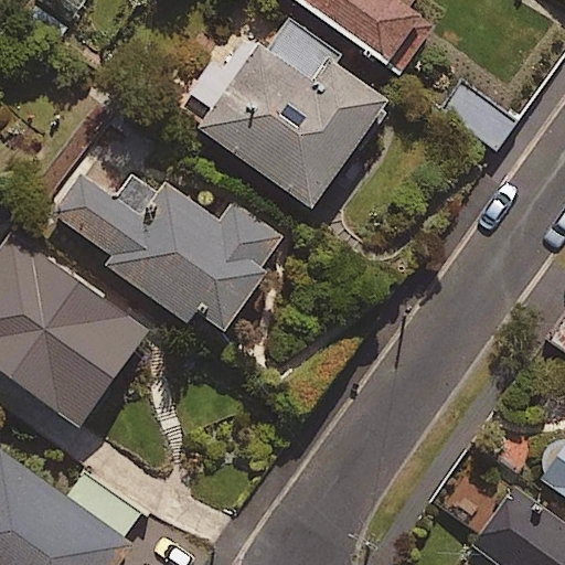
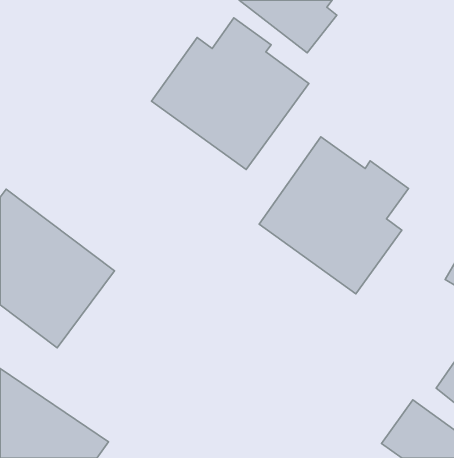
building: [55,151,286,329] -> none
building: none -> [259,137,408,294]

